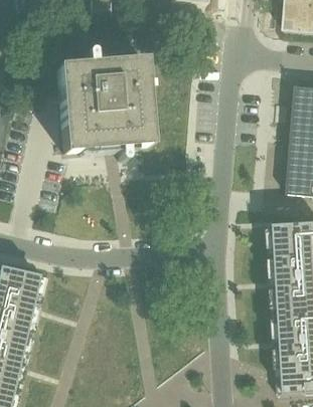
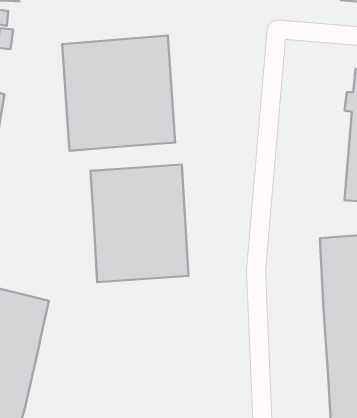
building: none -> [91,164,189,282]

